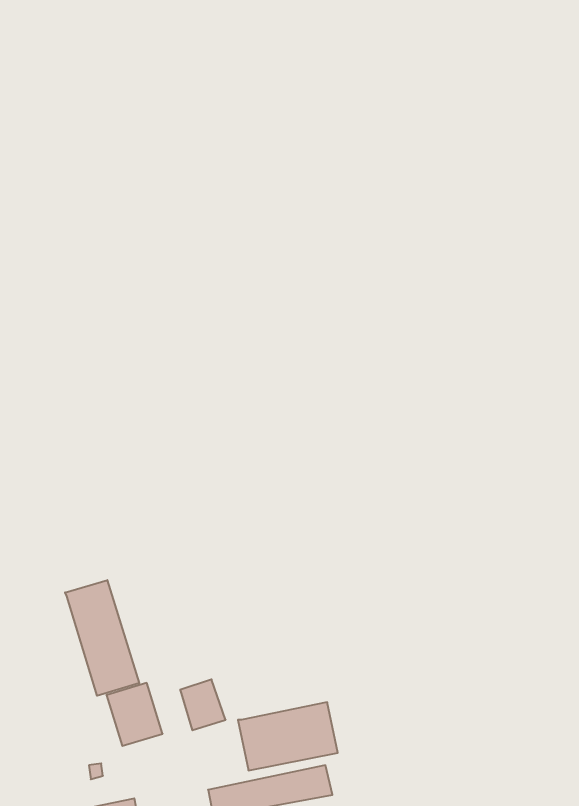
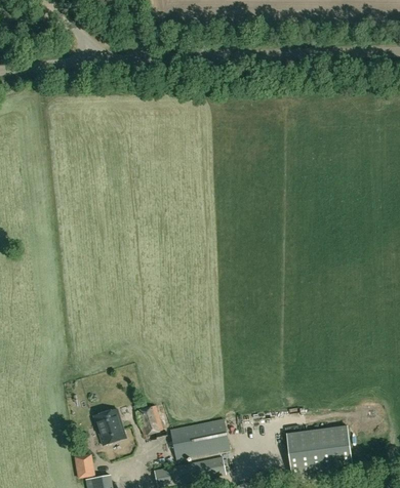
building: [65,580,139,696] -> none
building: none -> [285,424,352,474]

